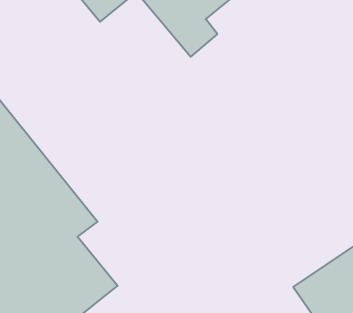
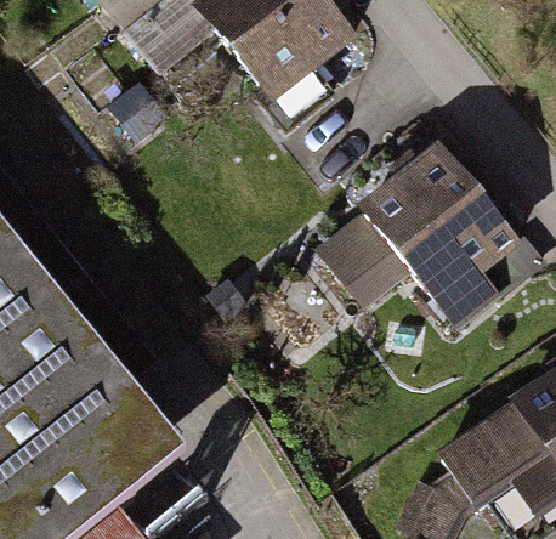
building: none -> [317,151,511,331]

